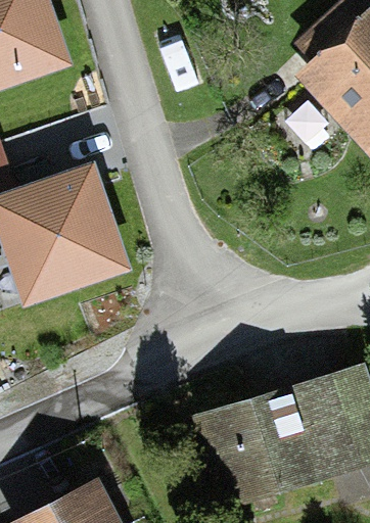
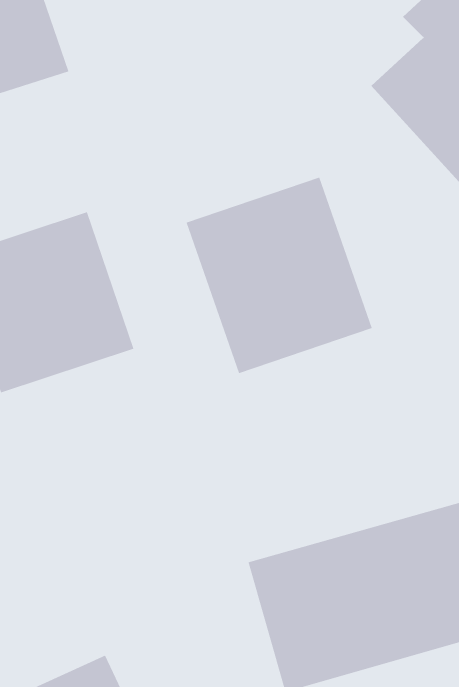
building: none -> [186,176,373,374]

